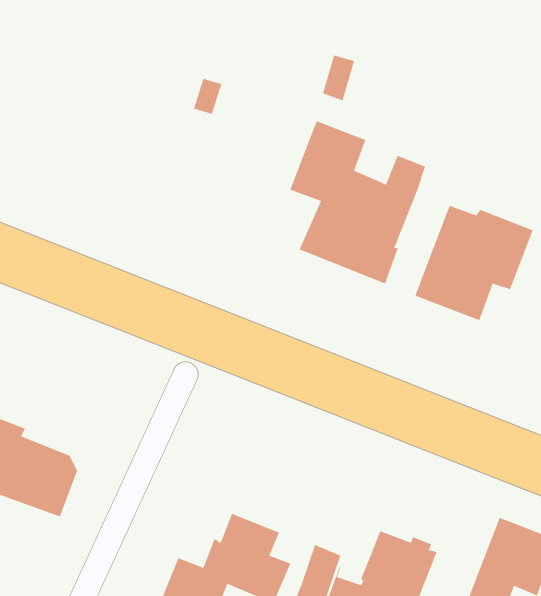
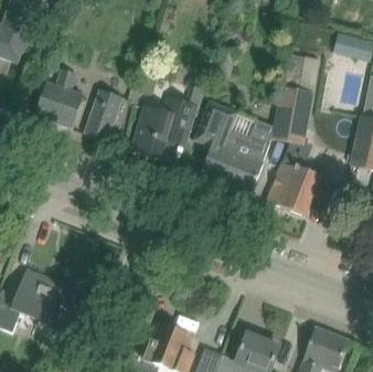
building: none -> [269,53,319,145]
building: none -> [35,66,84,127]
building: none -> [130,84,200,159]
building: none -> [86,87,122,139]

